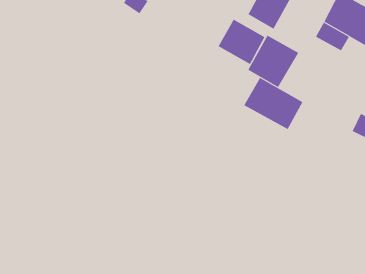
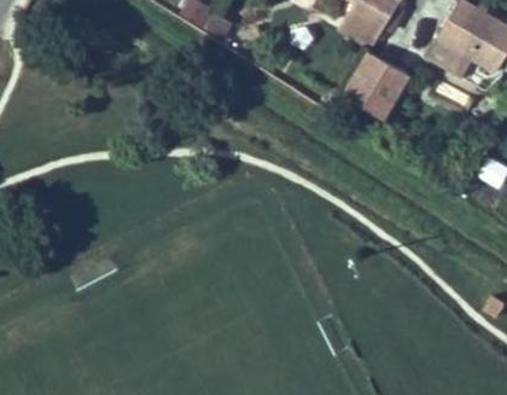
building: [218,19,265,65] -> none
building: [243,77,303,130] -> none

